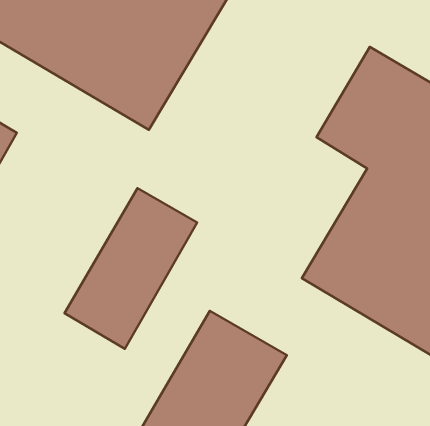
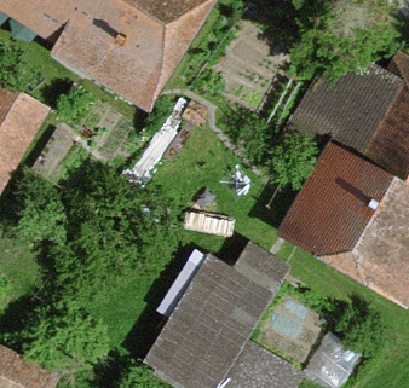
building: [65,188,197,349] -> none

